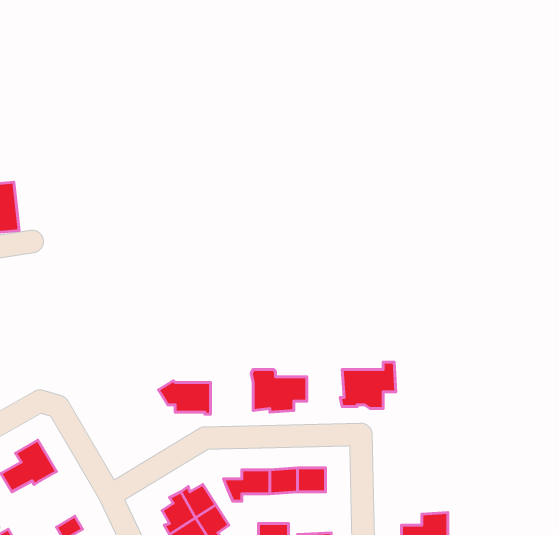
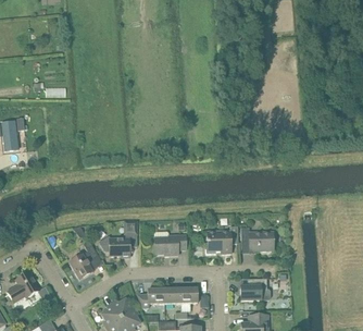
building: none -> [240,226,274,250]
building: none -> [68,240,101,279]
building: none -> [240,278,270,299]

